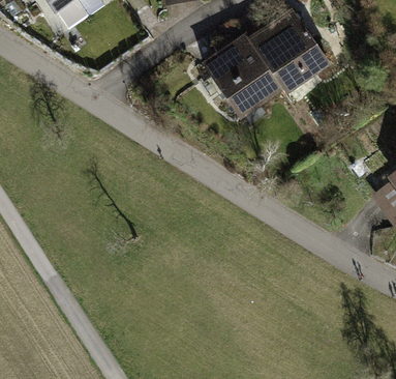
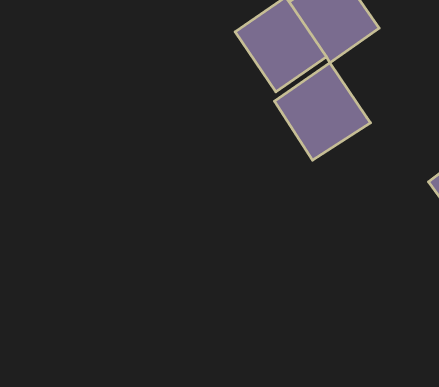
building: none -> [274,63,371,160]

